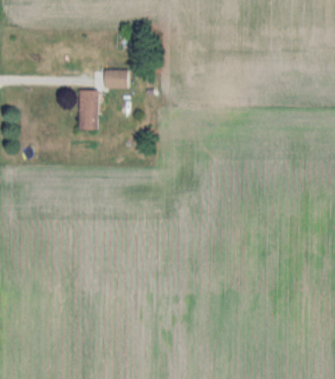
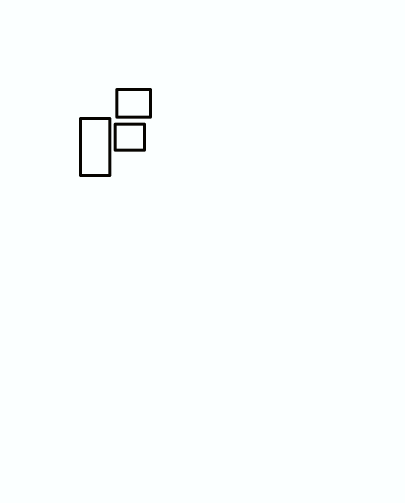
building: none -> [115,124,145,150]

